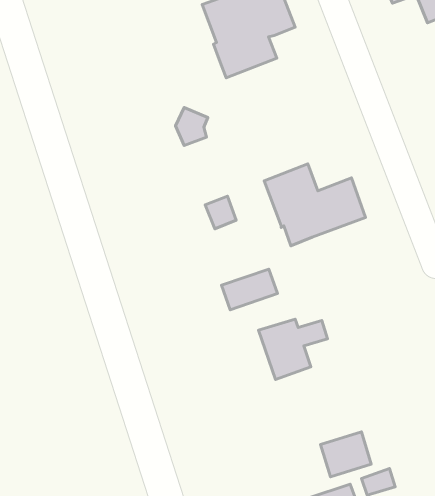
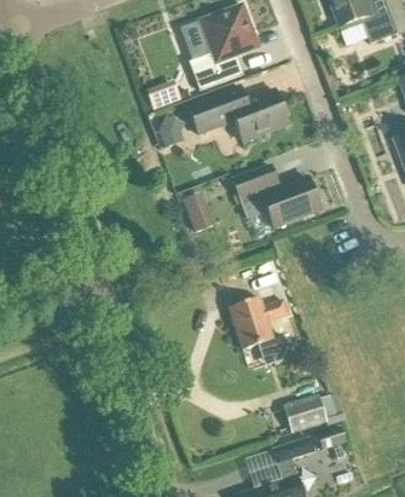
building: none -> [187,86,289,141]
building: [222,269,277,310] -> none

